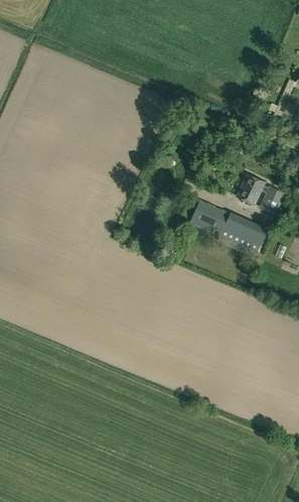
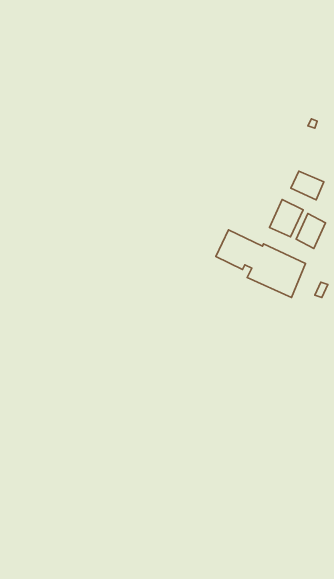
building: none -> [291,171,324,200]

